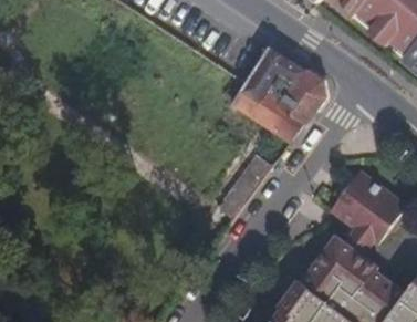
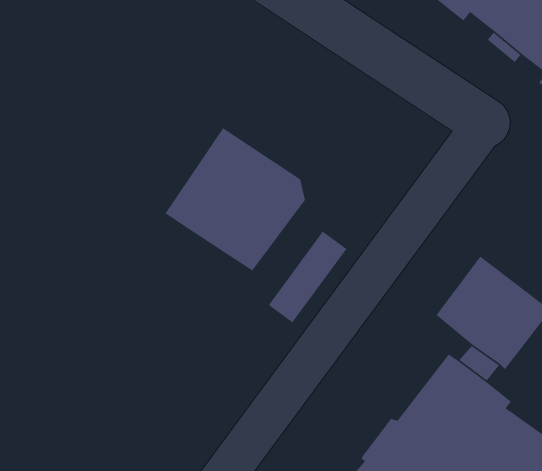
building: [231,46,325,143] -> [165,127,306,272]

